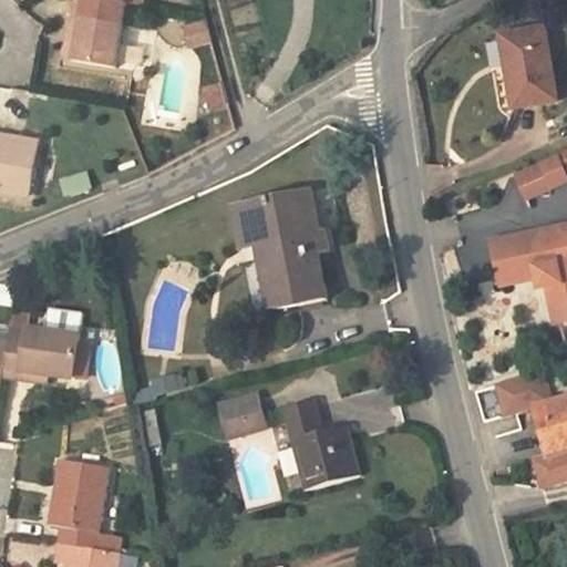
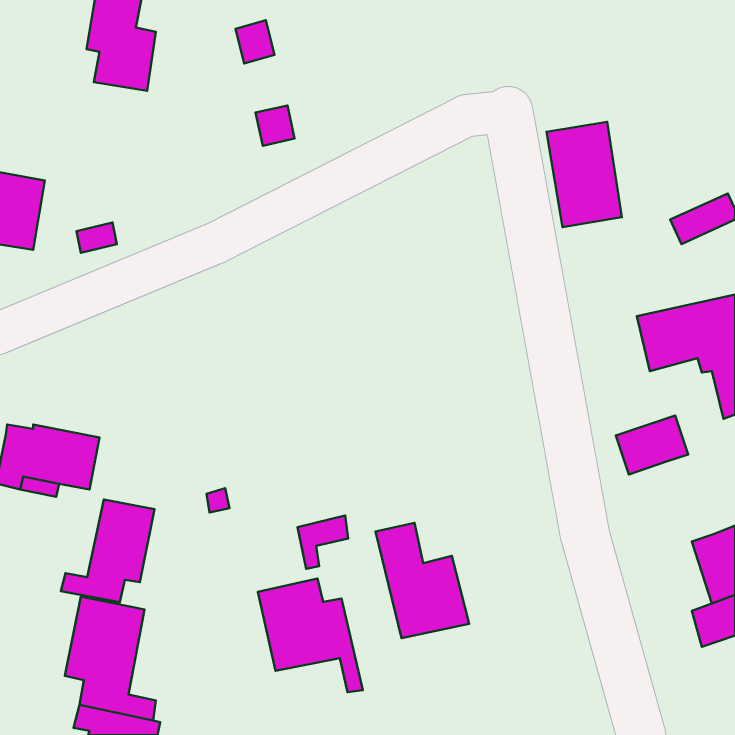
building: [497,22,555,103] -> [547,122,622,227]
building: [231,190,328,306] -> none
building: [492,380,547,425] -> [616,415,688,475]
building: none -> [61,499,155,602]
building: none -> [258,579,363,692]

